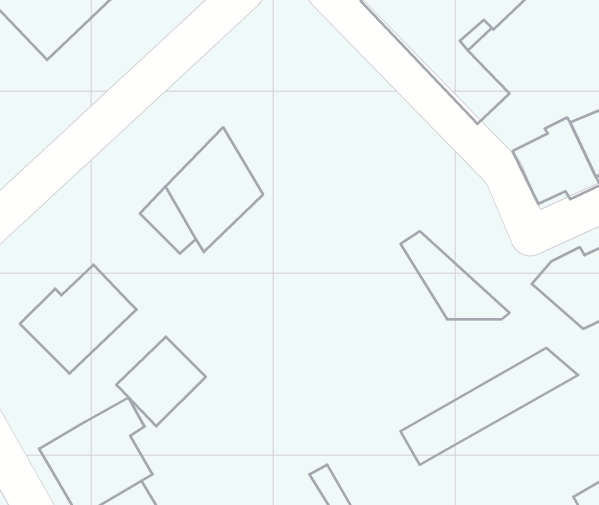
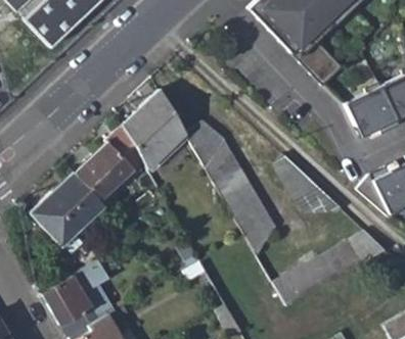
building: none -> [186,118,277,255]
building: [116,337,206,426] -> [76,143,133,200]

